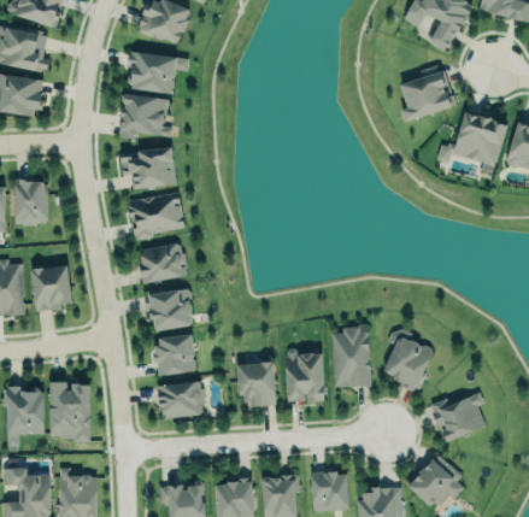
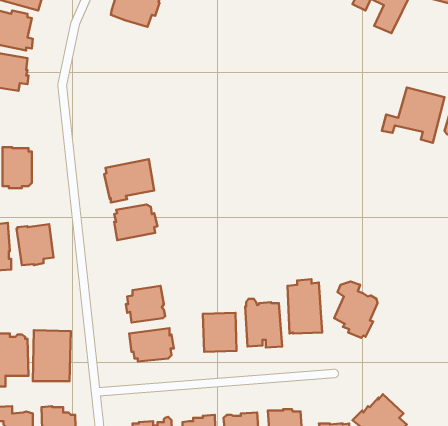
building: [128,51,189,94] -> none
building: [400,64,457,122] -> none
building: [118,95,172,140] -> none
building: [121,147,177,188] -> none
building: [145,288,193,330] -> none
building: [430,394,487,443] -> none

